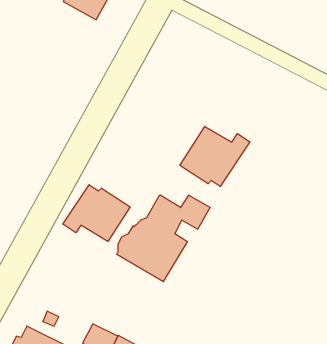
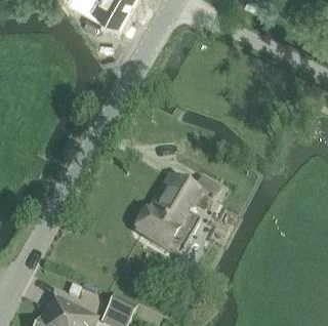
building: [180,126,250,186] -> none
building: [63,185,130,241] -> none

